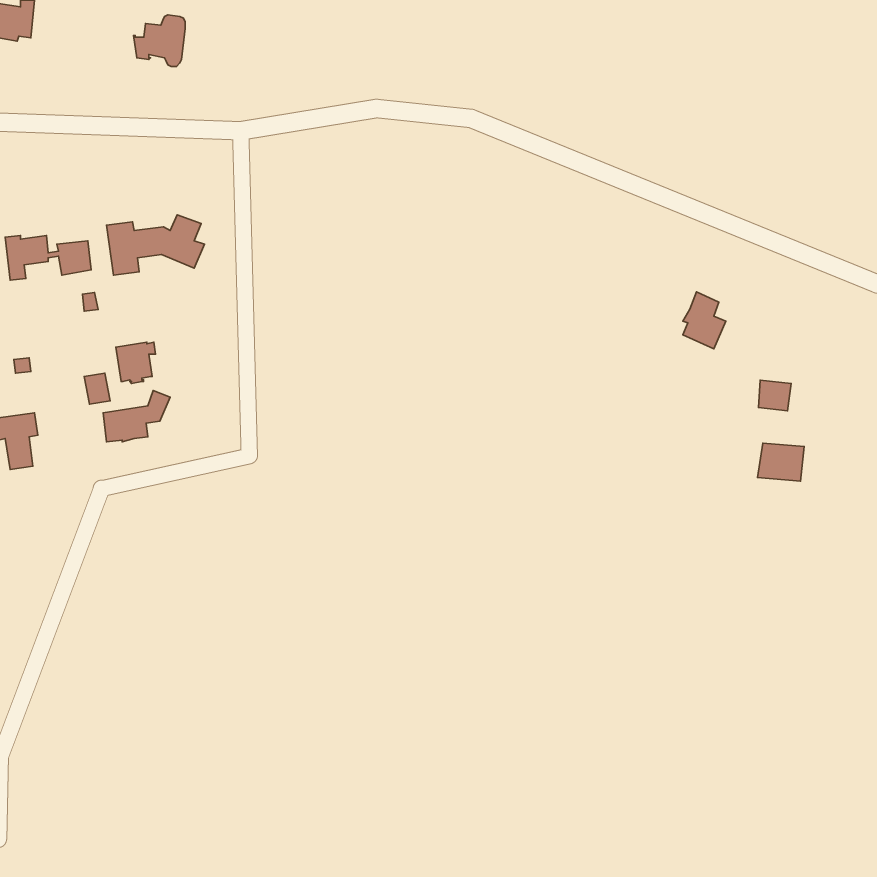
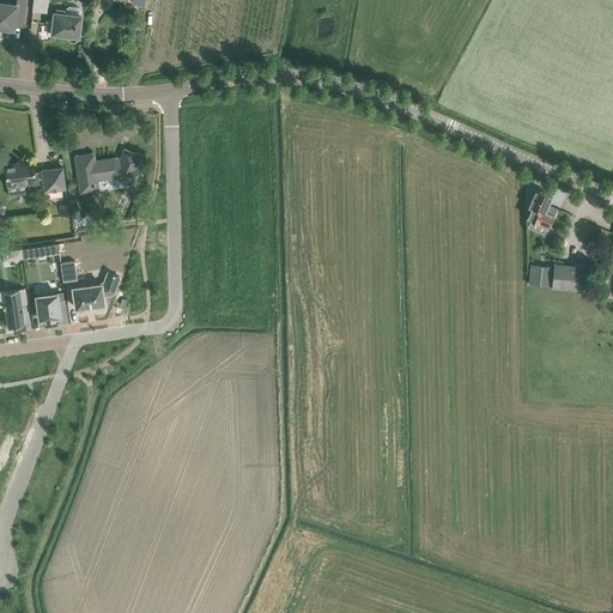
building: [133,15,185,66] -> [44,7,80,43]
building: [683,292,726,349] -> [526,189,556,229]
building: [116,342,156,383] -> [35,293,62,322]
building: [758,443,804,481] -> [550,265,582,291]

